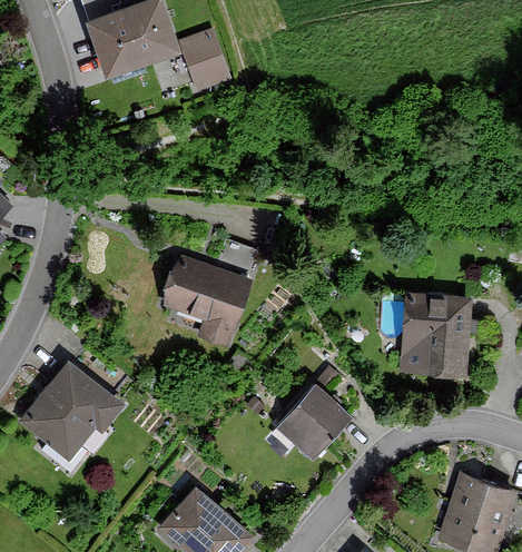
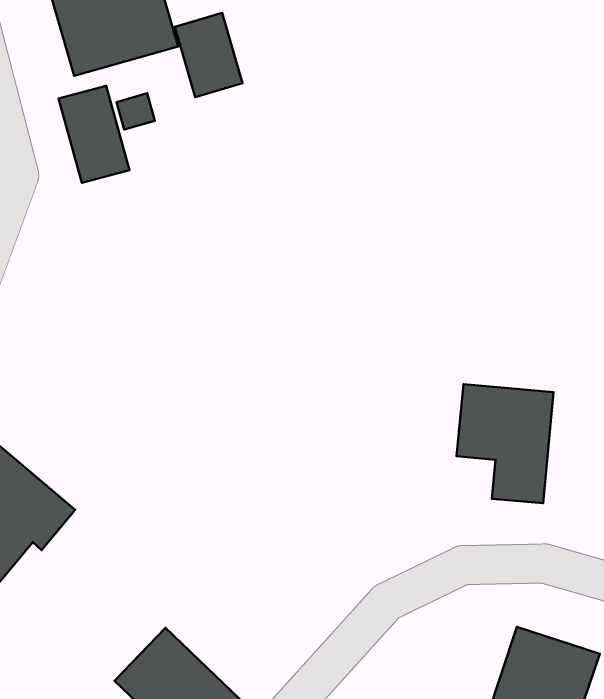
building: none -> [58,86,130,183]
building: [155,254,249,344] -> none
building: [276,385,352,461] -> none

